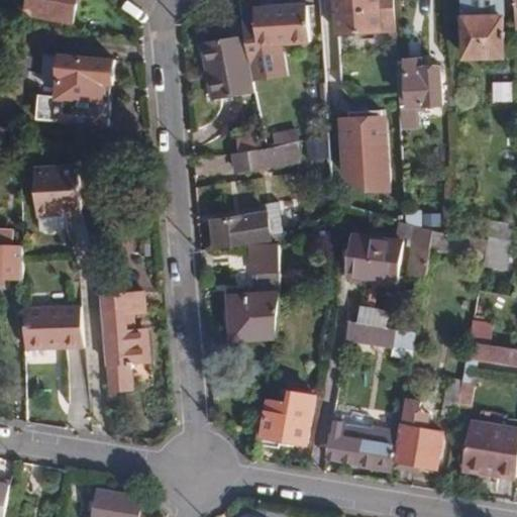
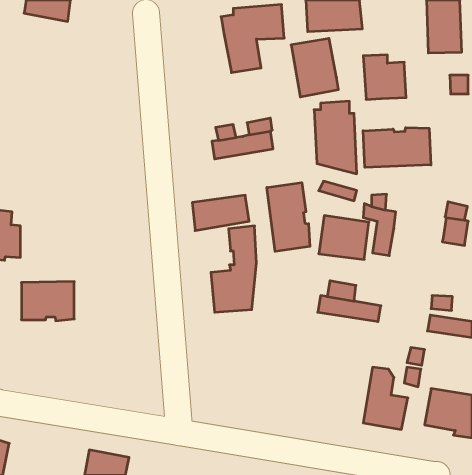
building: [202,36,253,100] -> [291,38,338,97]
building: [36,54,113,125] -> none
building: none -> [363,128,431,167]
building: [34,164,81,234] -> none
building: none -> [267,183,310,251]
building: [100,292,148,387] -> none
building: [261,393,315,445] -> none
building: [325,416,398,467] -> none

